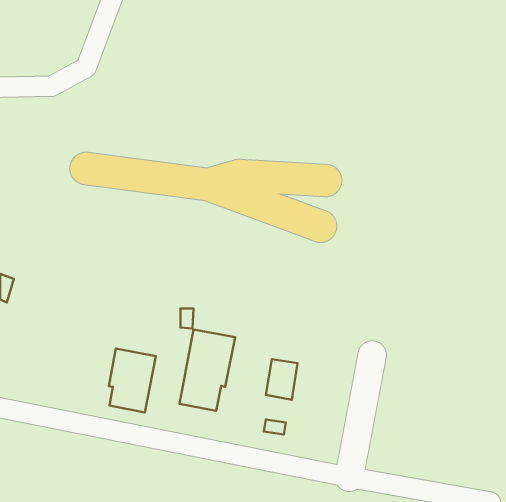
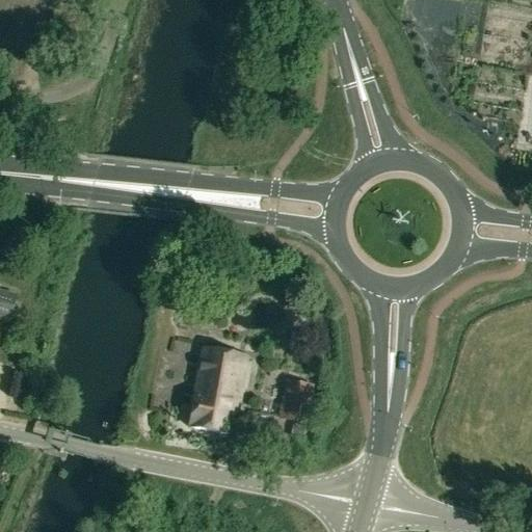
building: [109,348,156,412] -> none

